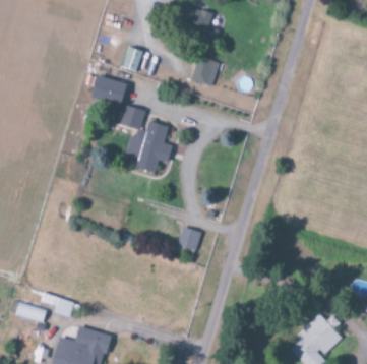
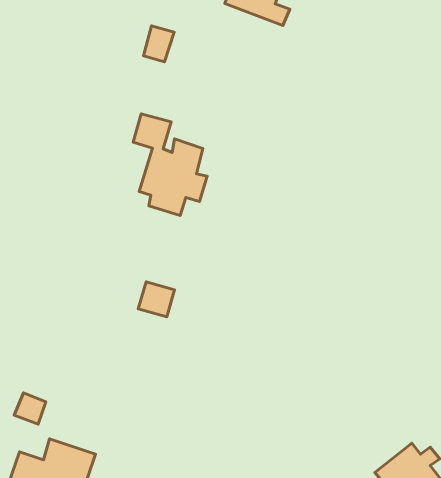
building: [191,56,220,85] -> none
building: [89,75,126,106] -> none
building: [178,227,201,249] -> [138,282,175,317]

